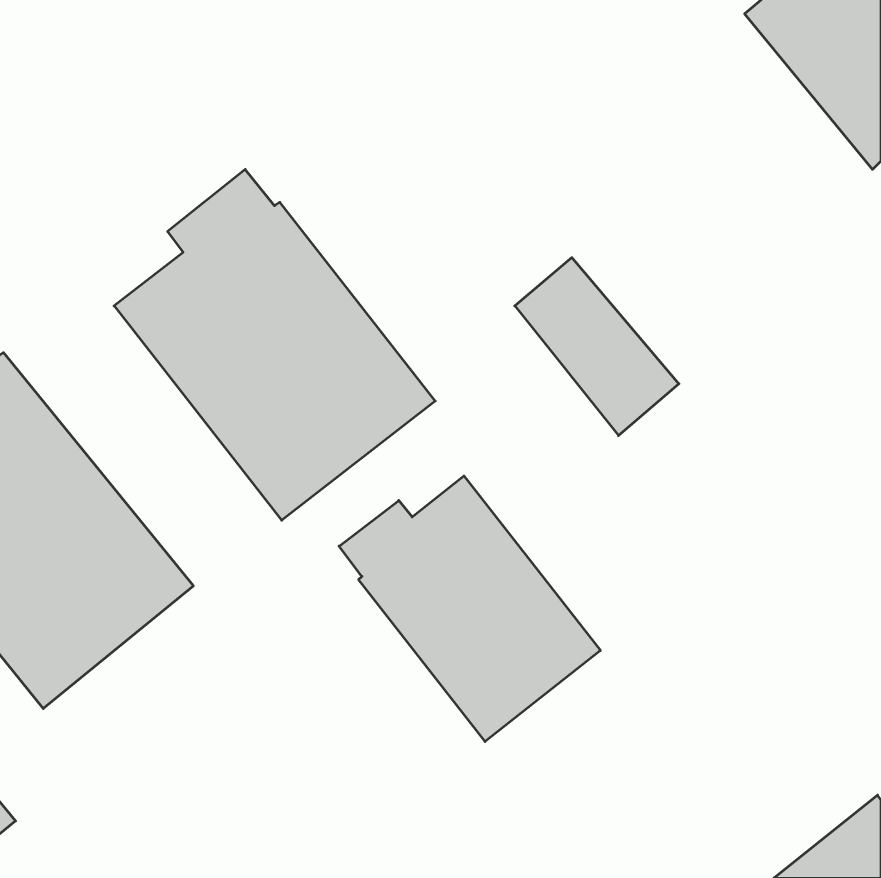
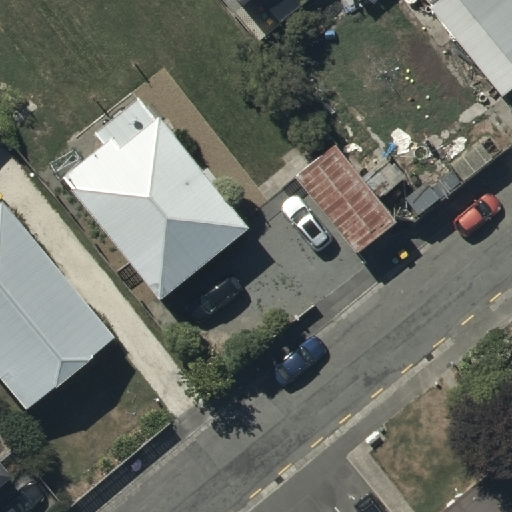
building: [339,476,600,742] -> none

